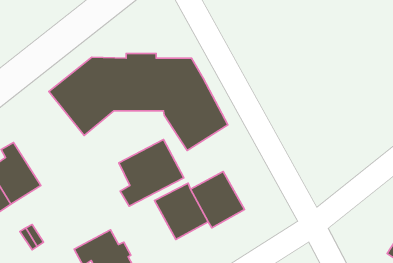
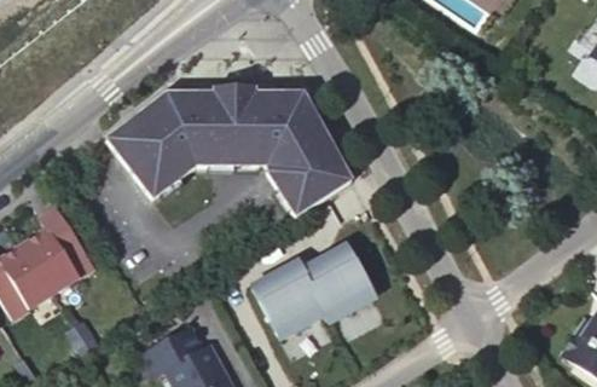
building: [119,139,184,206] -> none

